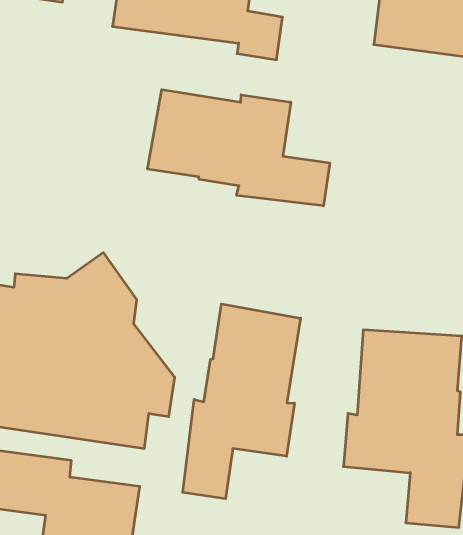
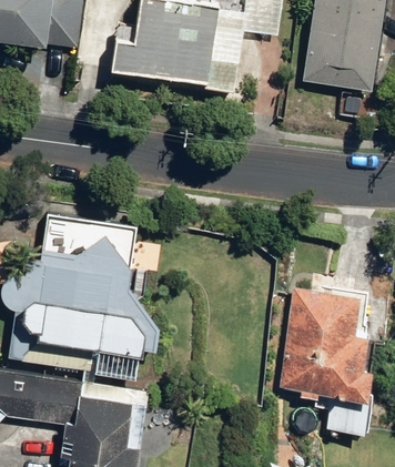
building: [148,90,330,206] -> none
building: [183,304,301,499] -> none

